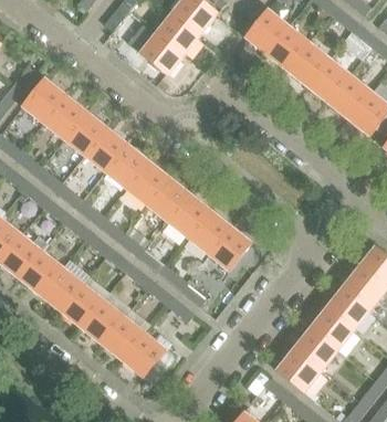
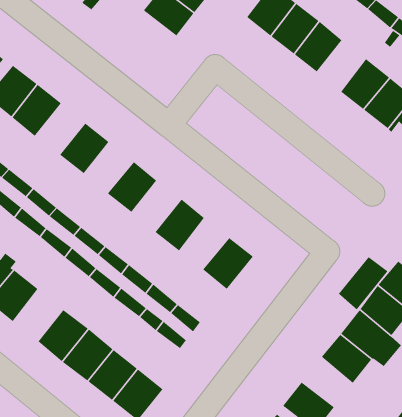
building: [139,31,185,74] -> none
building: [305,56,347,101] -> none
building: [63,110,106,155] -> none
building: [105,144,148,188] -> none
building: [146,177,189,221] -> none
building: [187,209,230,253] -> none
building: none -> [338,256,388,311]
building: [44,270,87,315] -> none
building: [292,328,336,371] -> none

